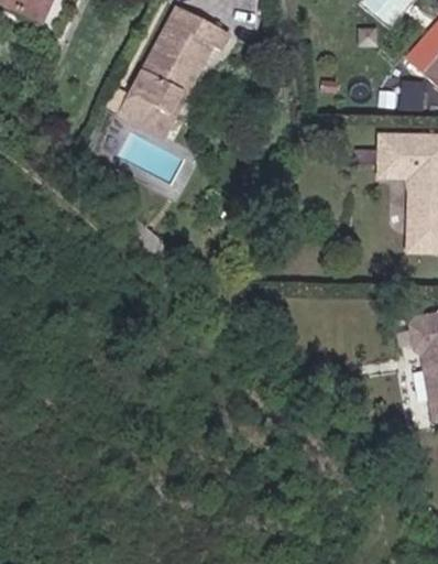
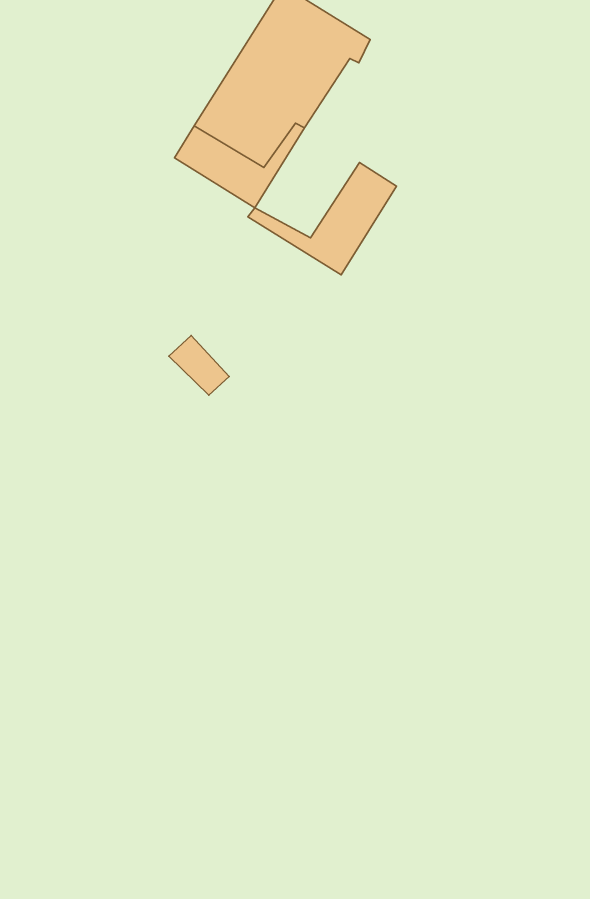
building: none -> [248,163,396,275]

